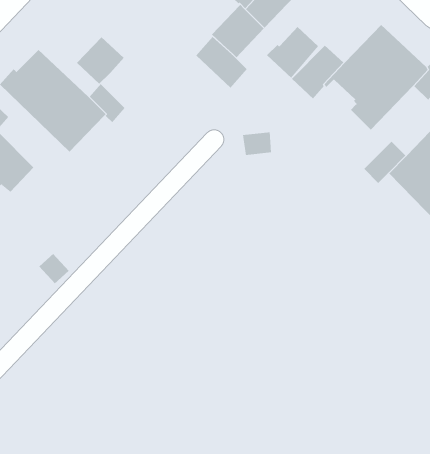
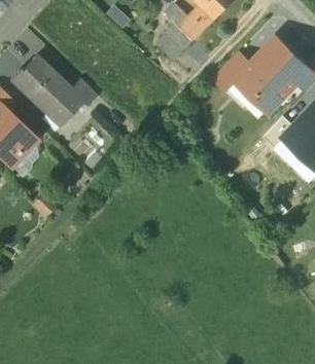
building: [266,26,319,79] -> none
building: [196,36,248,88] -> none
building: [76,36,125,84] -> none

